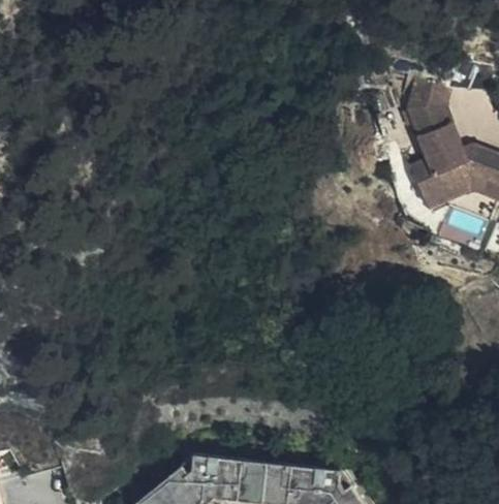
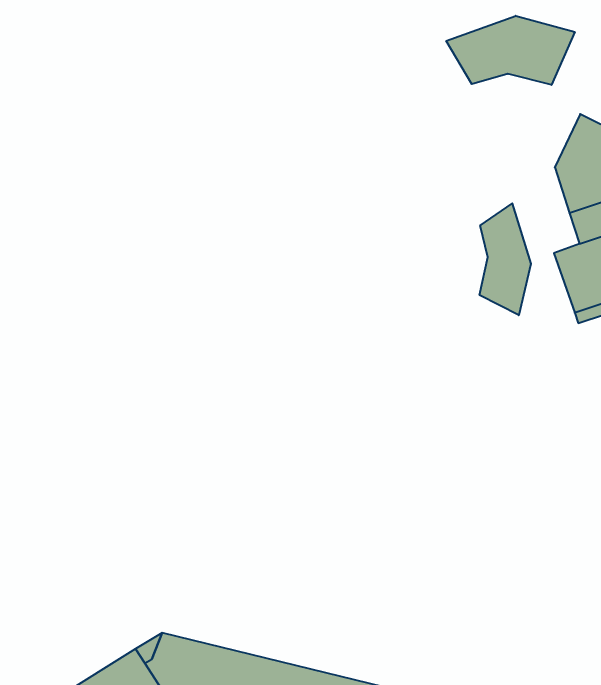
building: none -> [446,16,575,85]
building: none -> [480,203,531,315]

